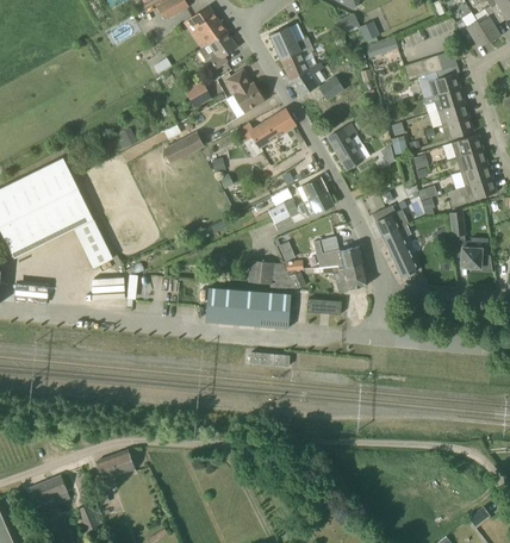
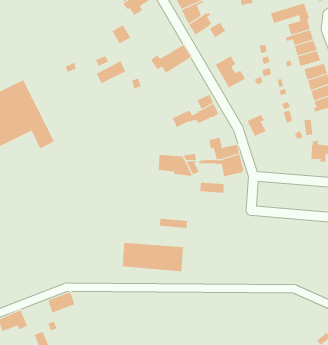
building: [226,70,265,113] -> none
building: [382,229,421,277] -> none
building: [201,288,287,329] -> [122,243,184,272]

